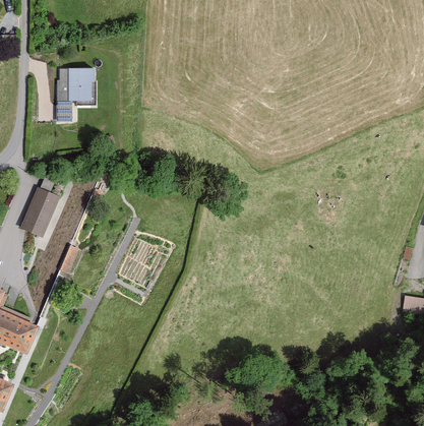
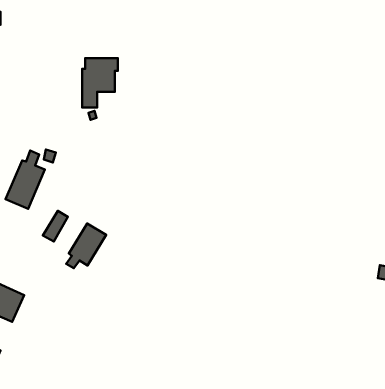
building: [57,69,94,120] -> [82,58,118,108]
building: none -> [66,223,106,268]

